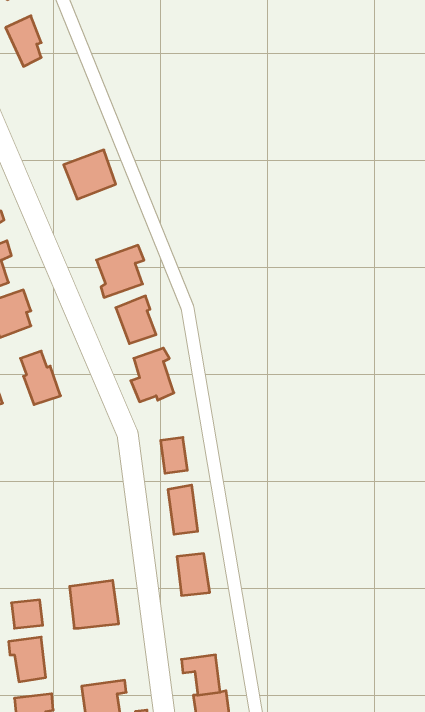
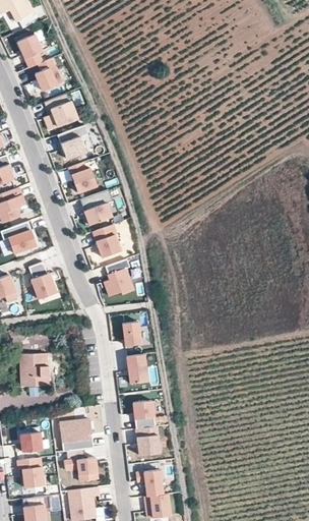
building: none -> [34,58,60,91]
building: none -> [43,94,76,130]
building: none -> [67,163,96,193]
building: none -> [20,353,50,386]
building: none -> [136,427,160,456]
building: none -> [64,450,98,482]

